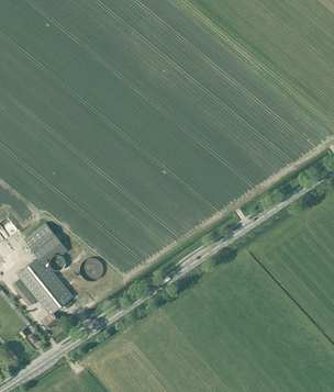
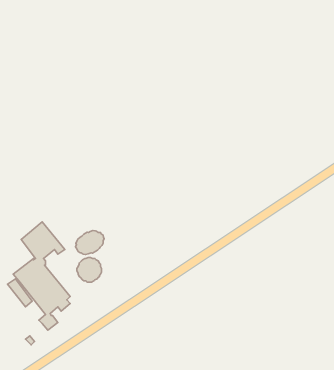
building: none -> [76,231,104,255]

